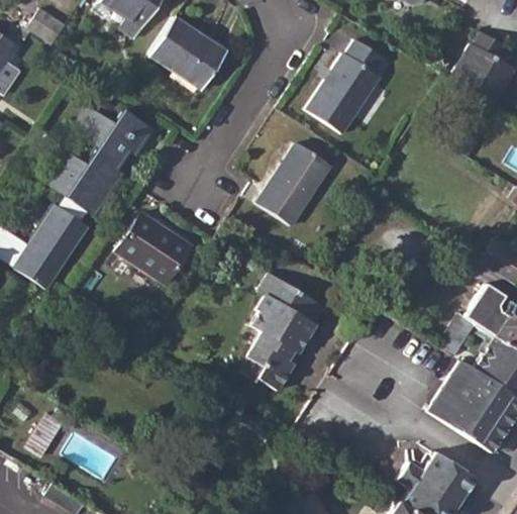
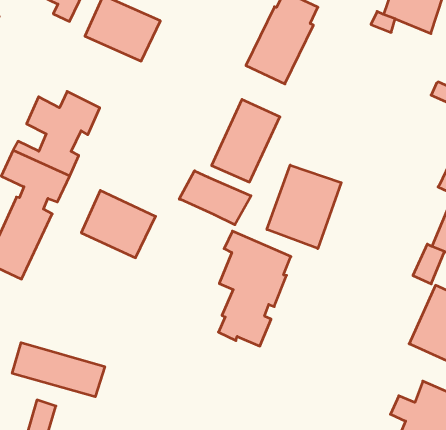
building: none -> [179,171,251,225]
building: none -> [267,165,341,249]
building: none -> [12,343,105,397]

